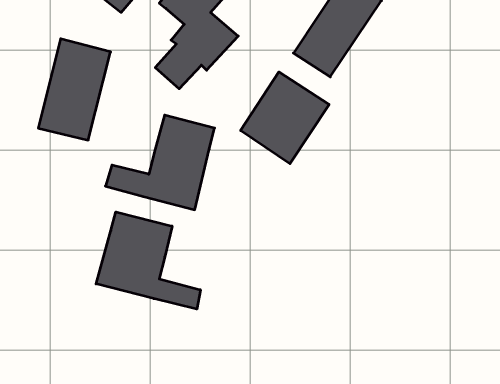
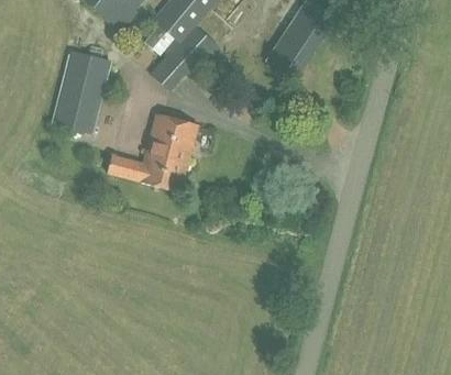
building: [241,72,329,164] -> none
building: [96,212,200,309] -> none

